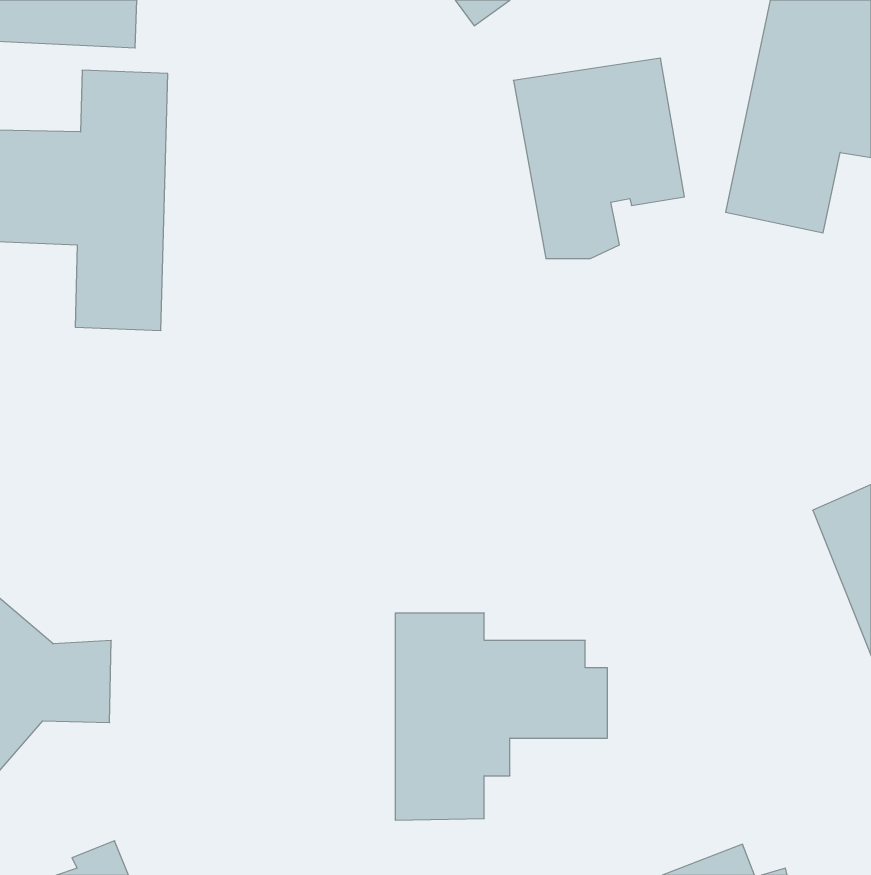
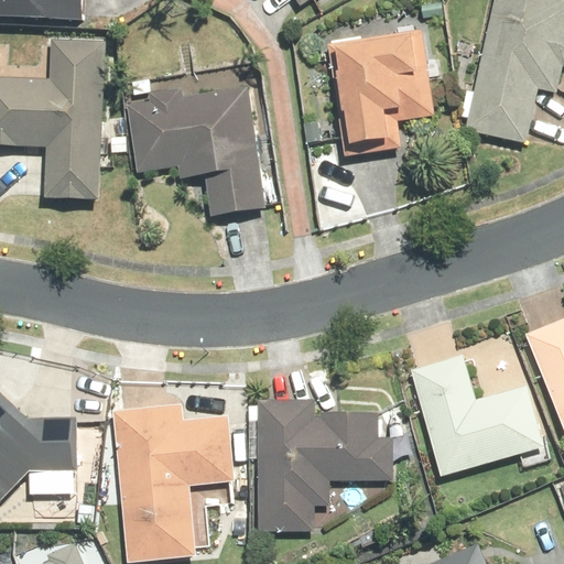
building: none -> [128,91,271,228]
building: none -> [410,349,543,470]
building: none -> [109,398,234,557]

